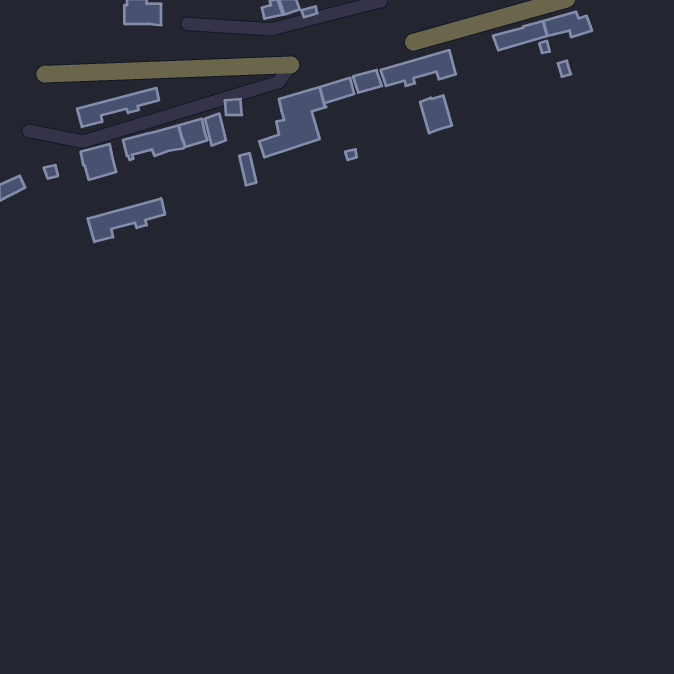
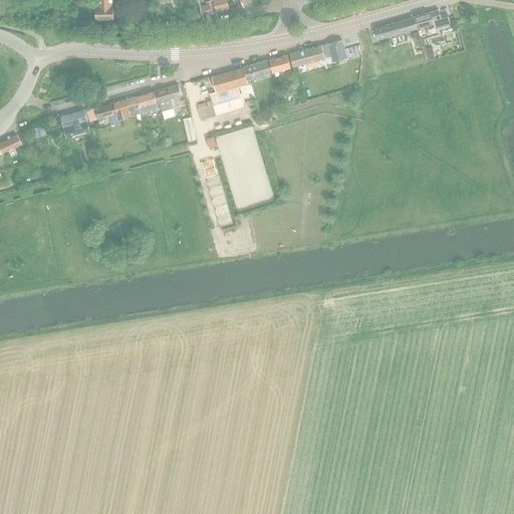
building: [77,88,159,127] -> none
building: [420,95,452,133] -> none
building: [88,198,165,242] -> none

